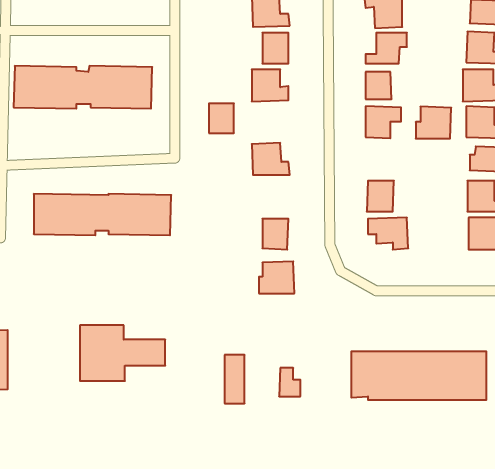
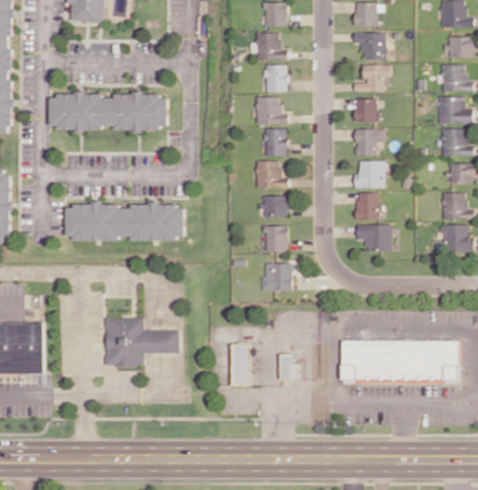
building: [209,103,234,133] -> [265,129,286,155]
building: [416,107,451,139] -> [354,160,385,188]
building: none -> [260,195,288,216]

